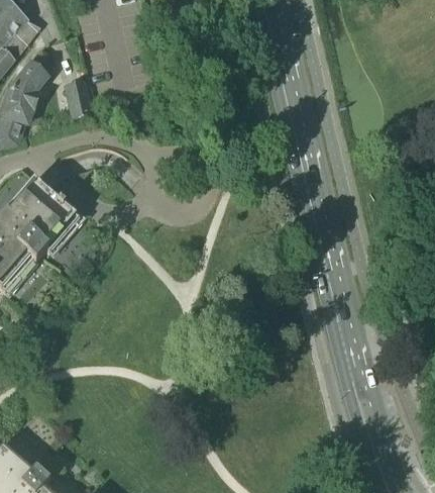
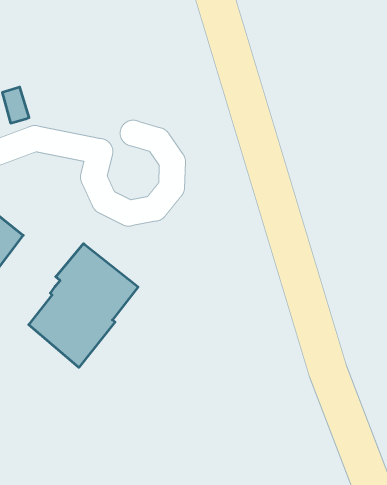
building: none -> [29,244,138,367]

